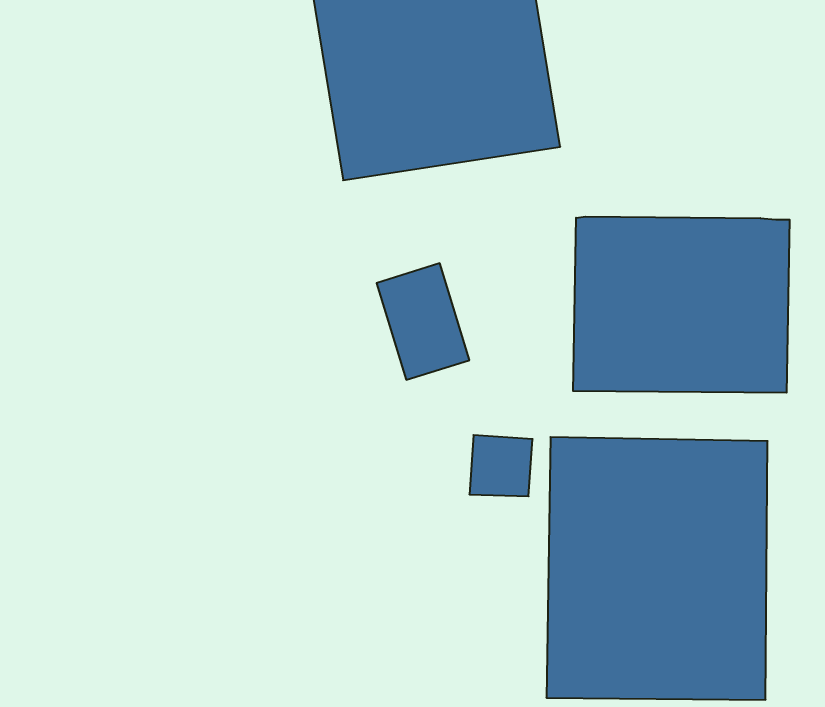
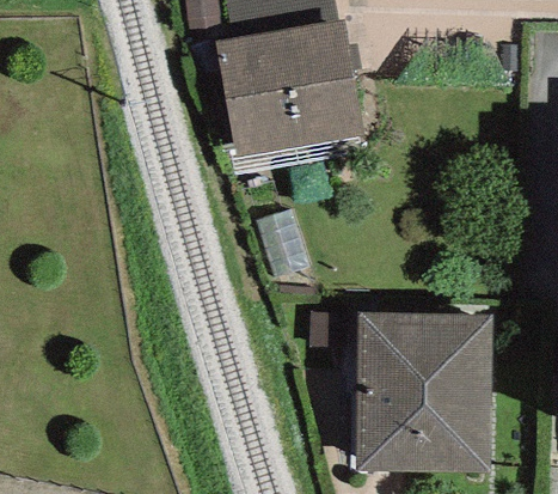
building: [573,217,790,393] -> none

